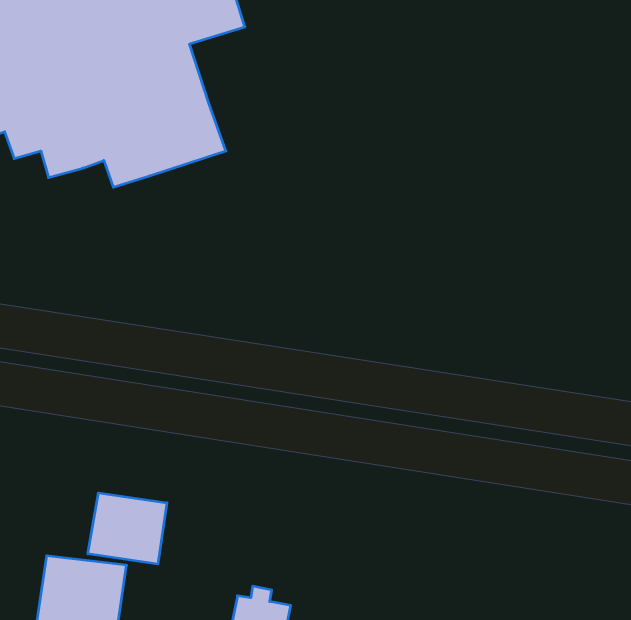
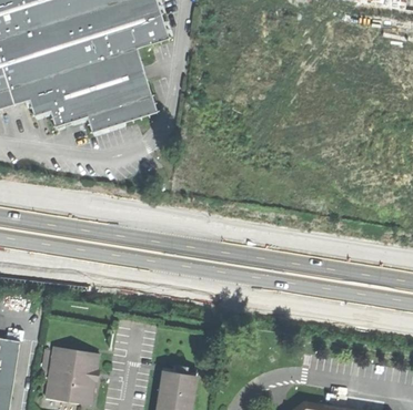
building: [88,493,167,564] -> none

